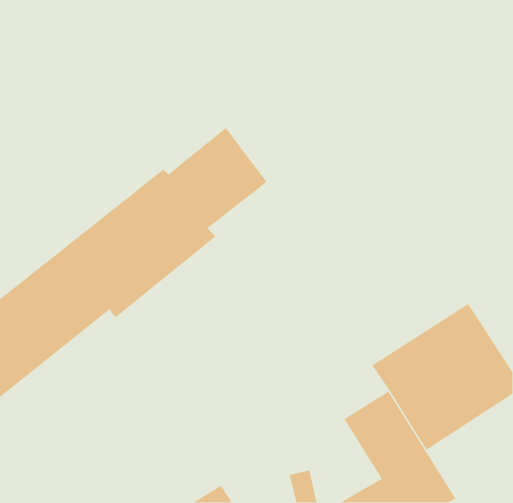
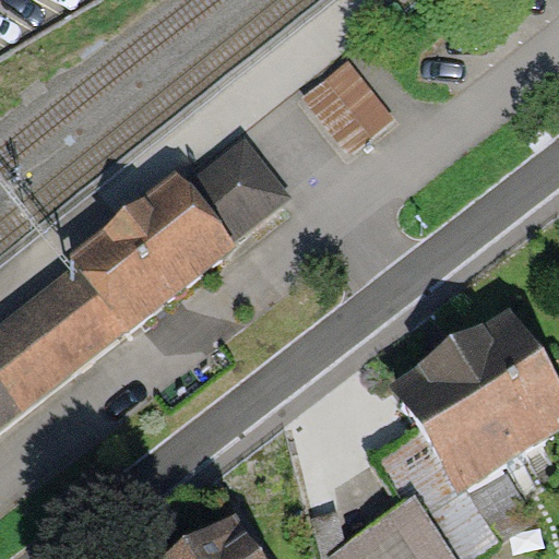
building: none -> [300,55,393,148]

